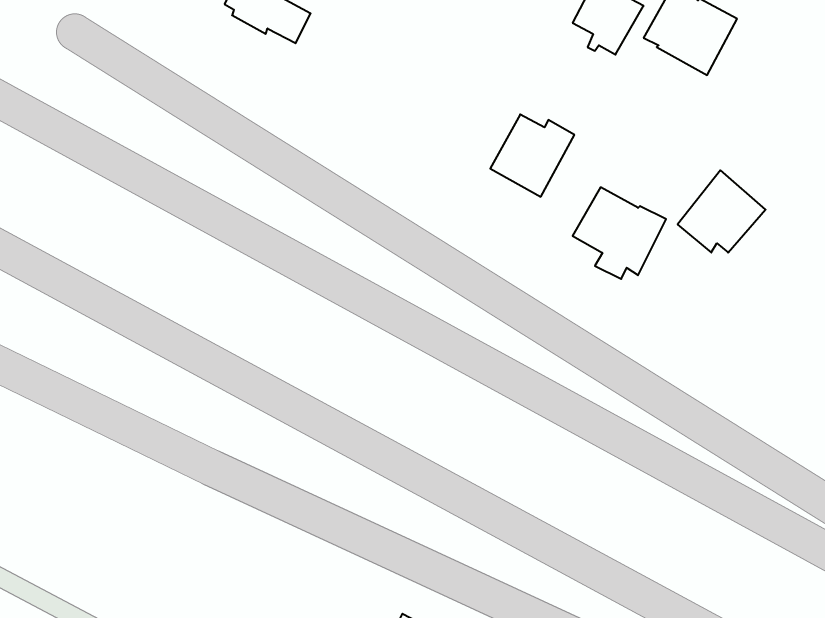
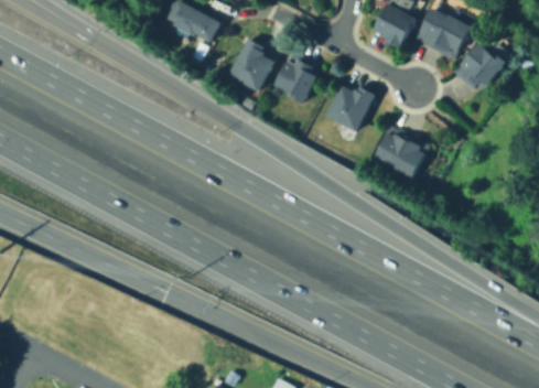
building: none -> [229,37,277,90]
building: none -> [276,51,321,103]
building: [678,170,766,253] -> [454,40,506,88]

